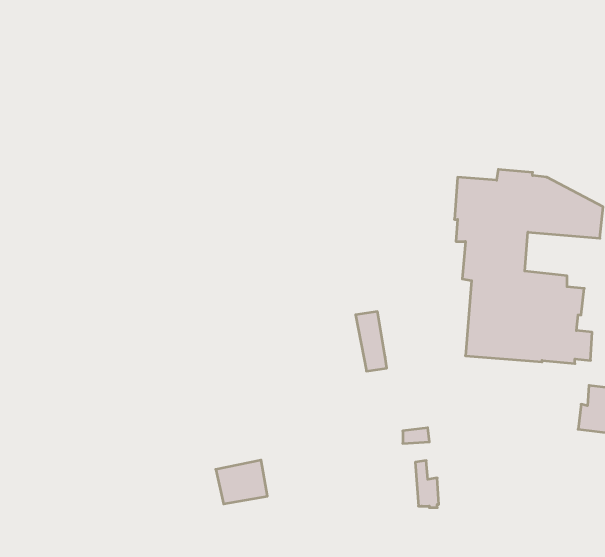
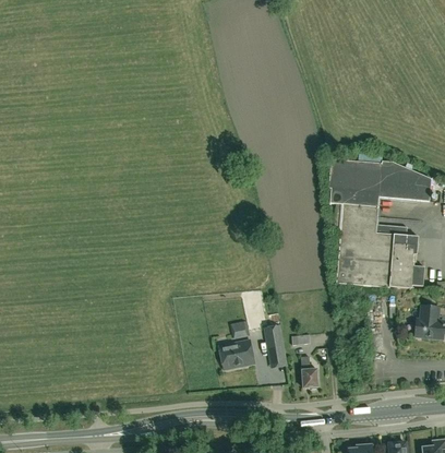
building: [356,312,387,371] -> [264,326,286,368]
building: [216,460,267,504] -> [218,339,254,370]

